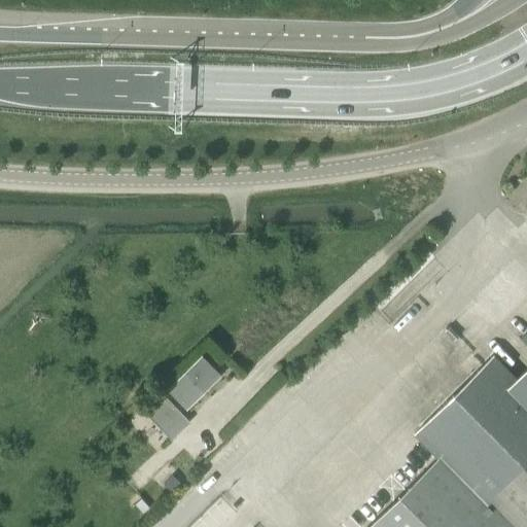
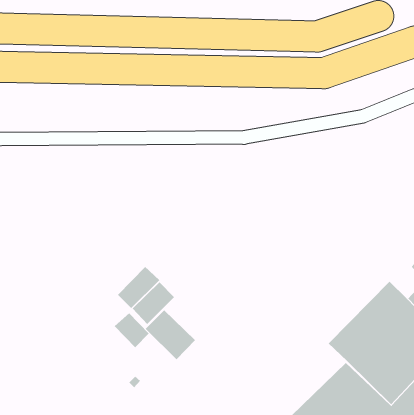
building: none -> [117,266,160,309]
building: none -> [145,309,196,360]

